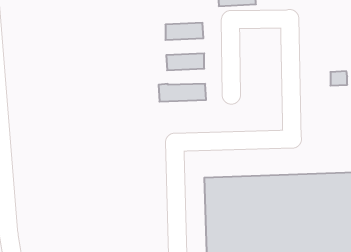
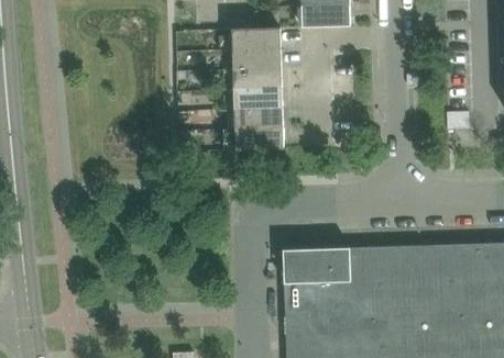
building: none -> [231,27,281,51]
building: none -> [221,68,283,90]
building: none -> [234,108,284,128]

